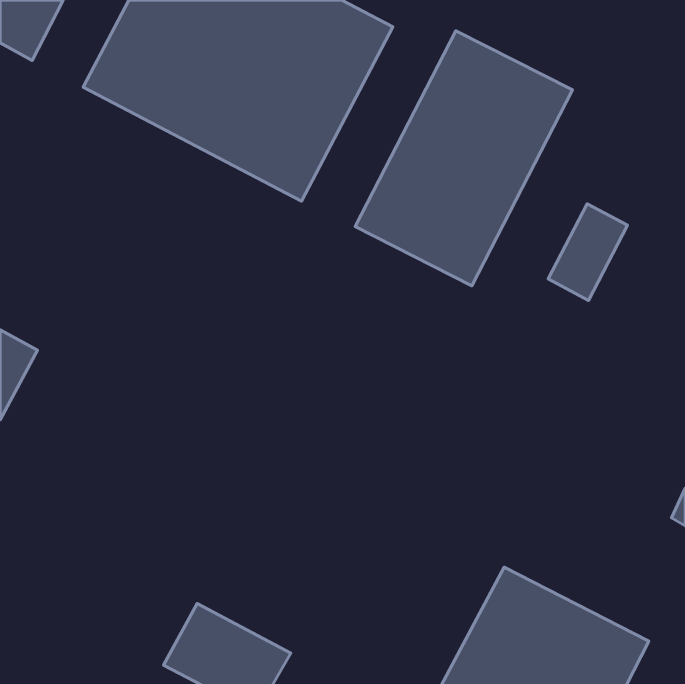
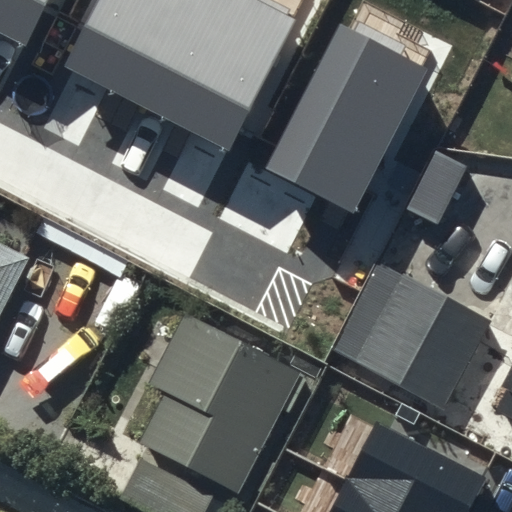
building: none -> [332,264,490,409]
building: none -> [138,312,301,491]

